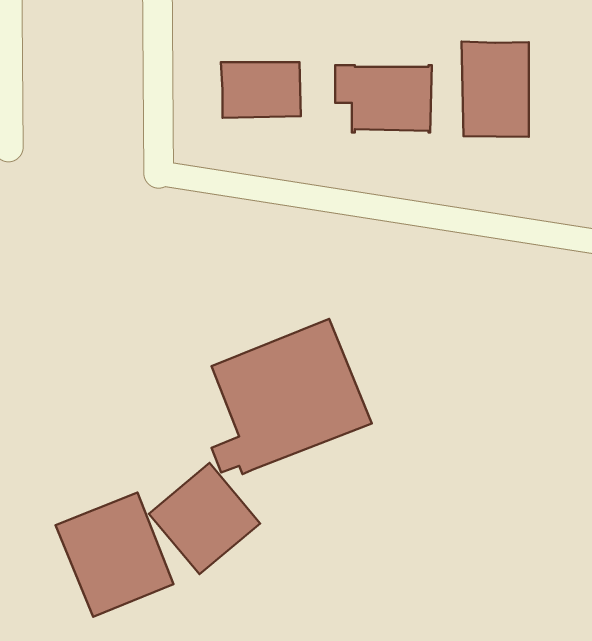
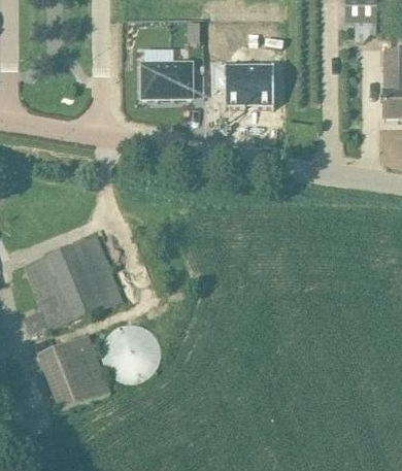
building: [461,42,529,137] -> none
building: [211,319,372,474] -> [23,233,124,331]

